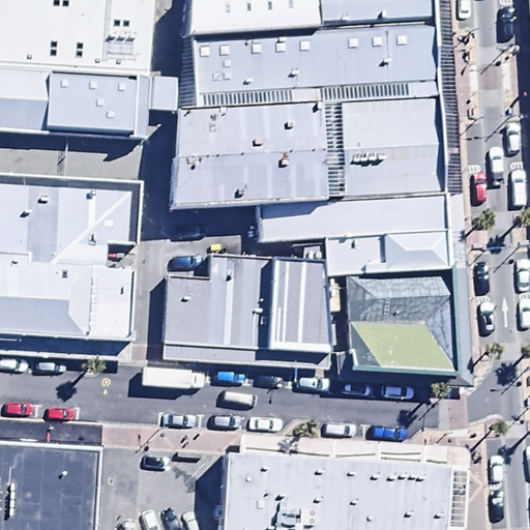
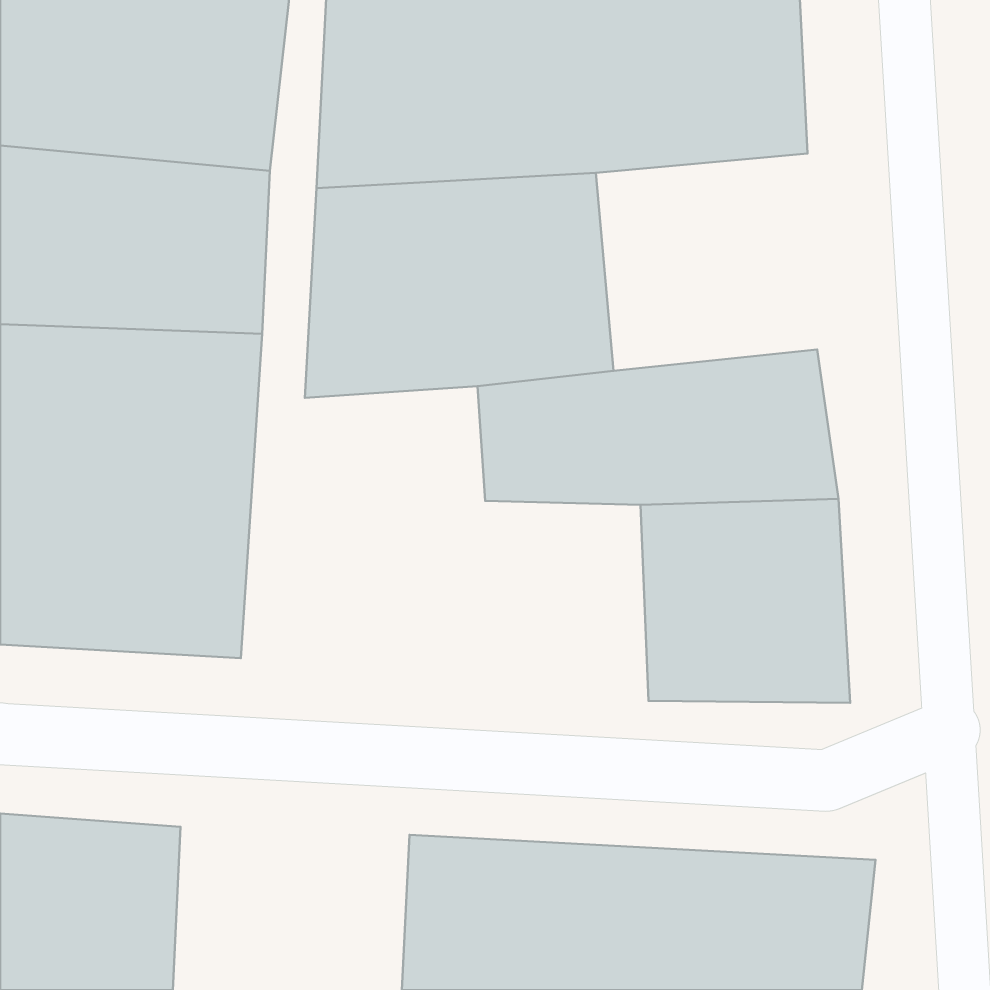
building: [319,82,437,198] -> none
building: [159,266,347,374] -> none

